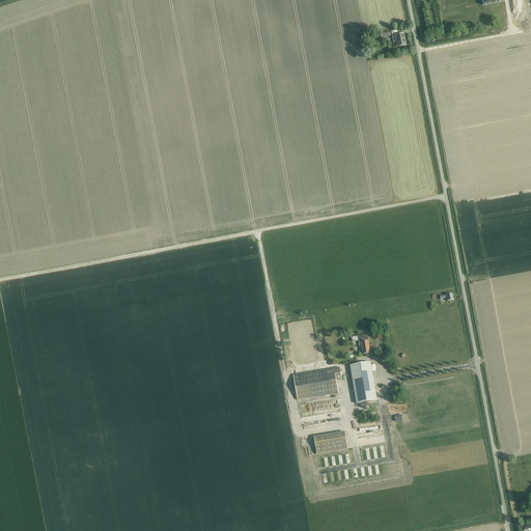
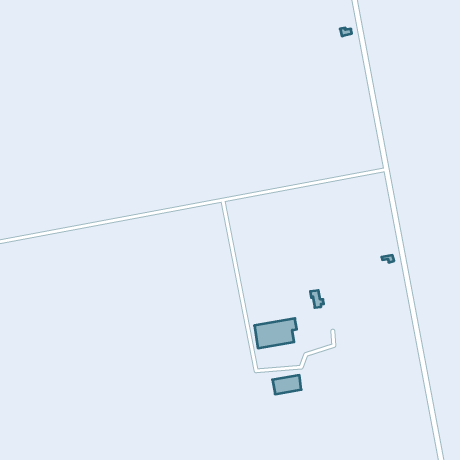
building: [350,362,375,402] -> none

